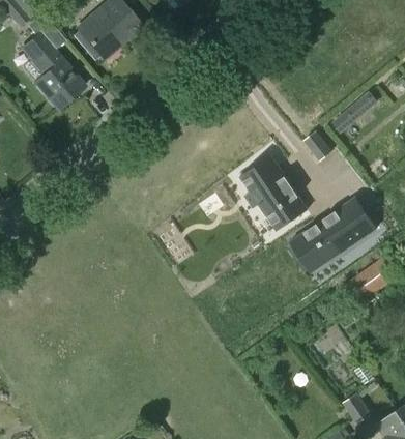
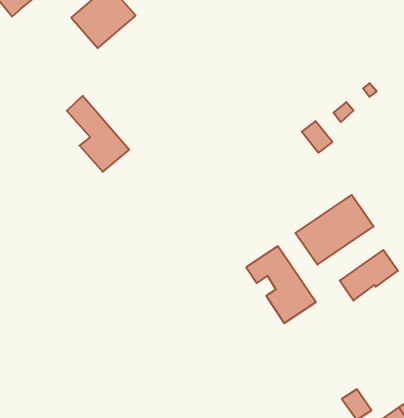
building: [22,33,83,108] -> [67,96,129,172]
building: [243,154,312,230] -> [246,246,316,323]

